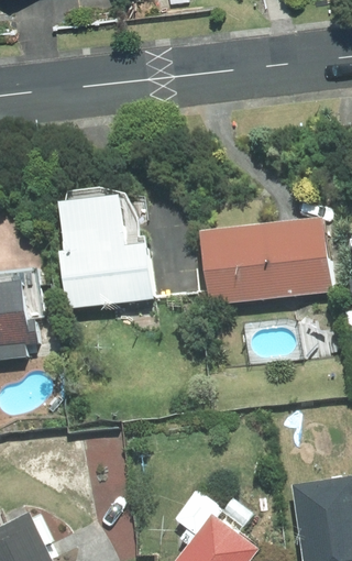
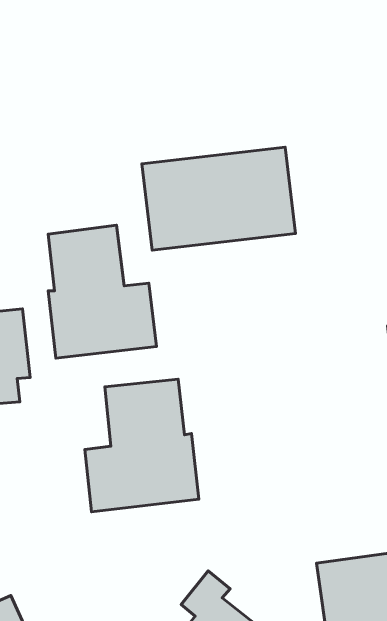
building: [202,217,333,305] -> [142,147,295,250]
building: none -> [85,379,199,512]

